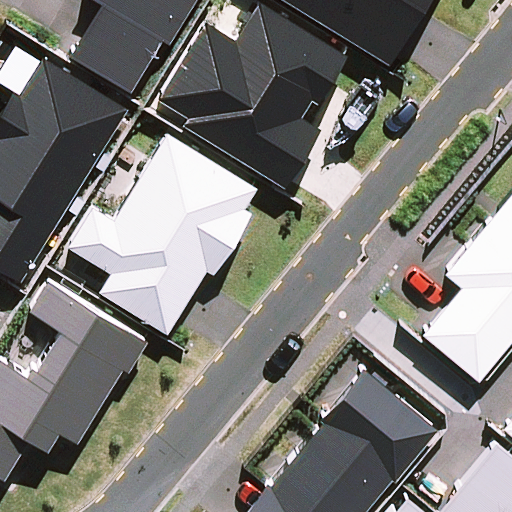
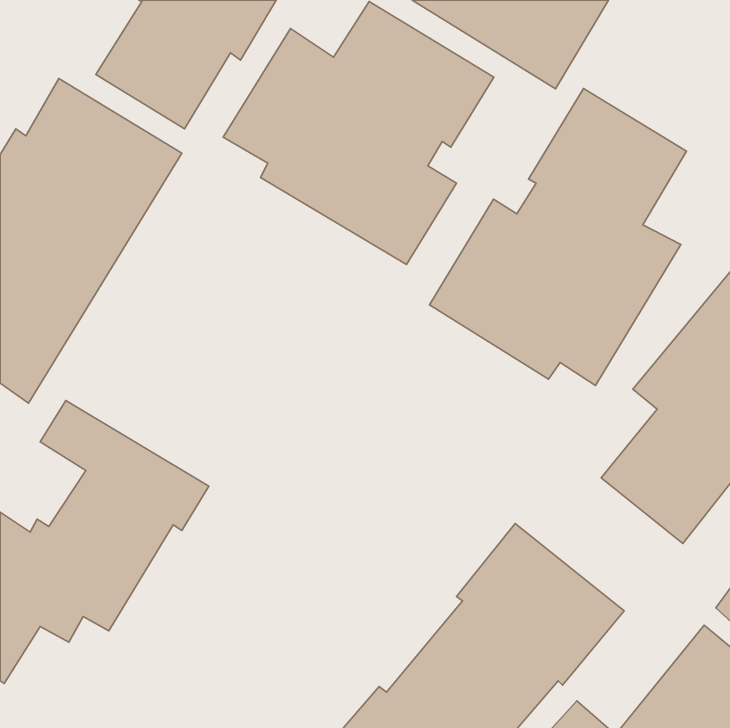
building: none -> [429,88,686,386]
building: [67,133,257,334] -> none

